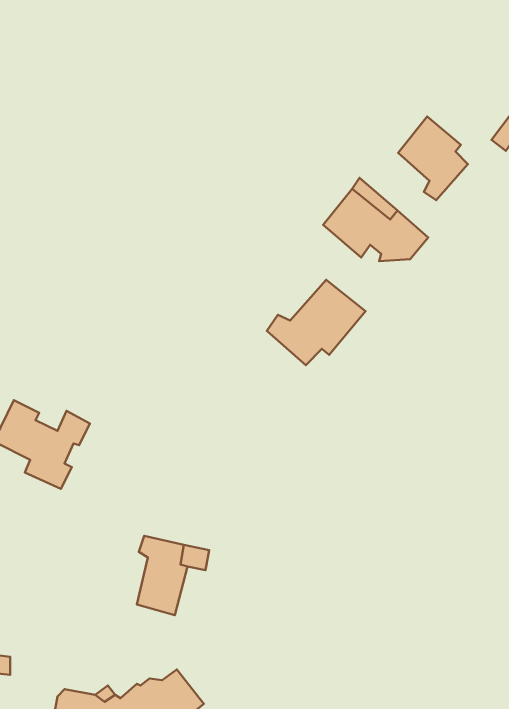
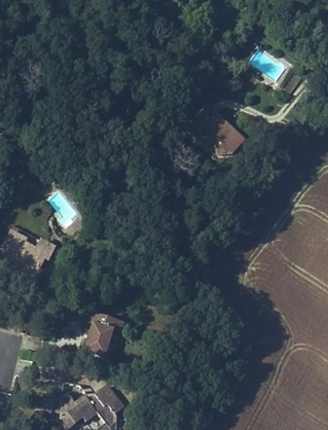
building: [398,117,468,200] -> none
building: [267,280,366,365] -> none

